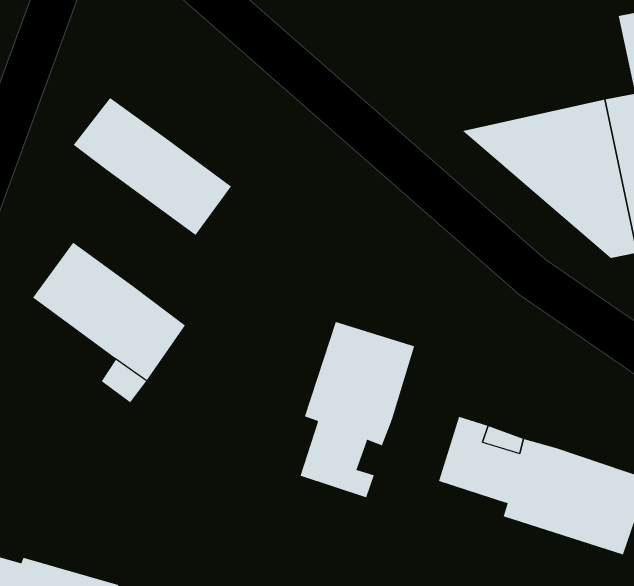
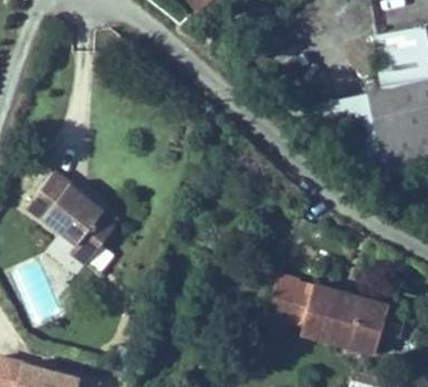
building: [73,97,232,236] -> none
building: [300,321,415,498] -> none

